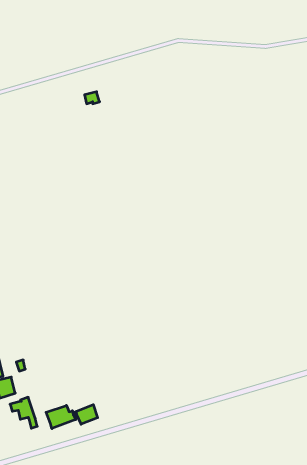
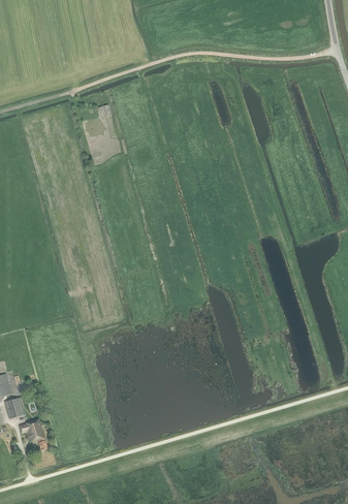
building: [46,405,98,429] -> none

